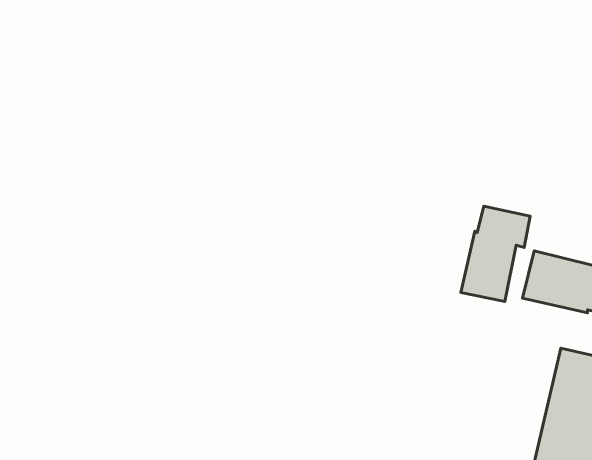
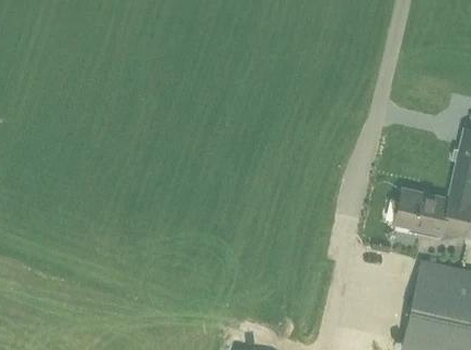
building: [461,206,530,302] -> none

